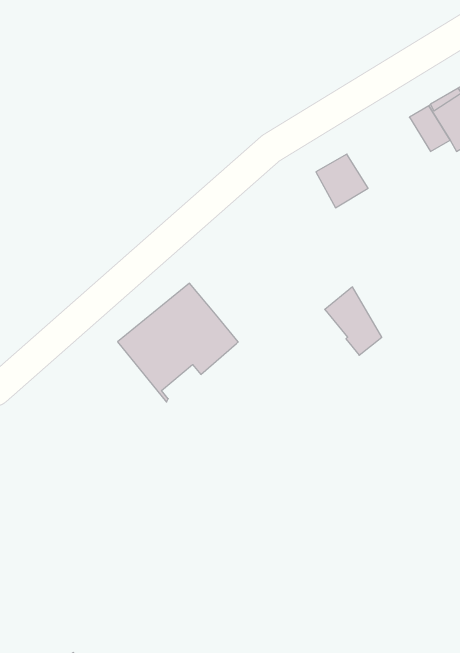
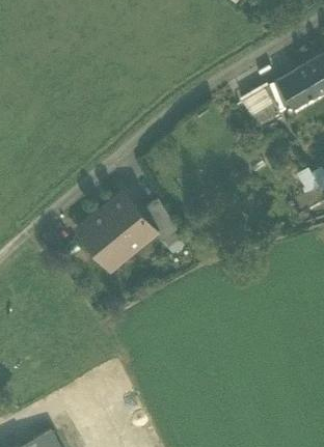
building: [316,154,368,208] -> [244,89,277,123]
building: [325,287,382,355] -> [140,200,177,244]

